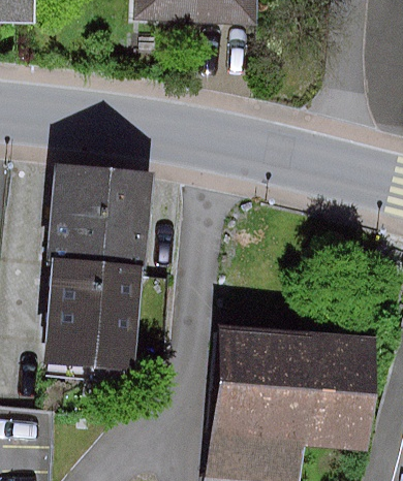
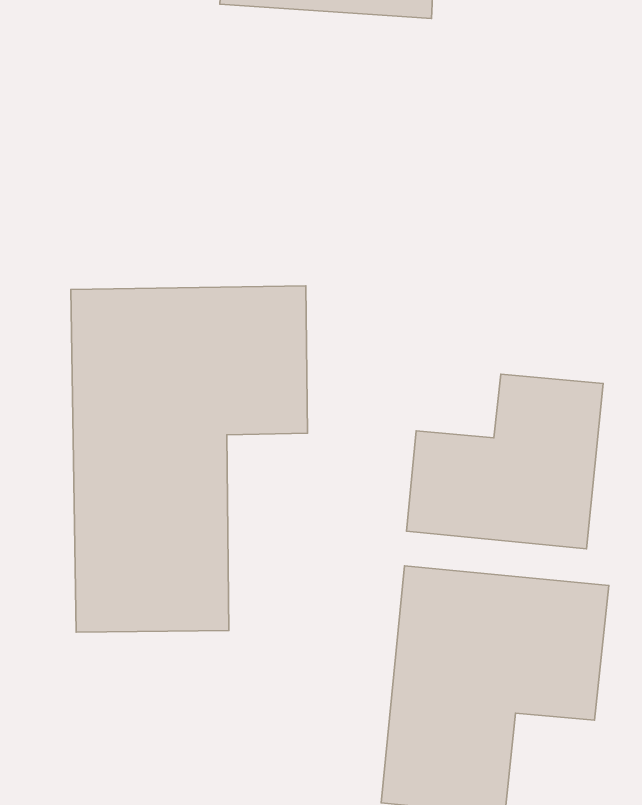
building: none -> [407,374,603,549]

